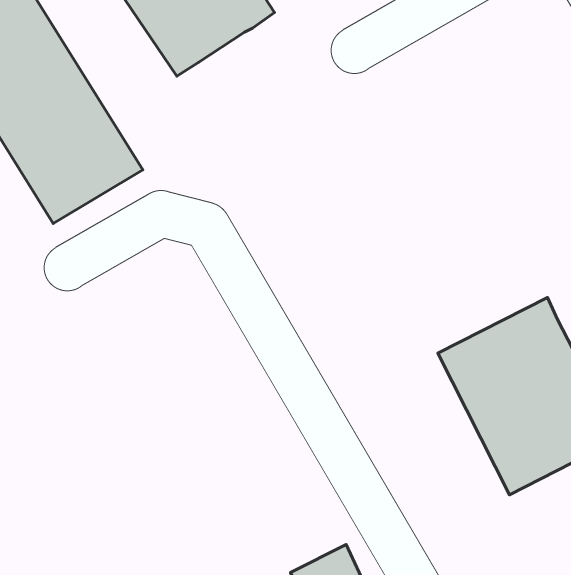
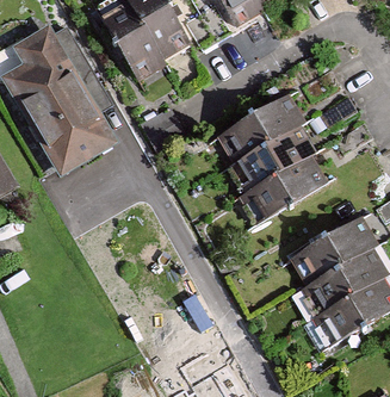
building: none -> [217,93,334,217]

